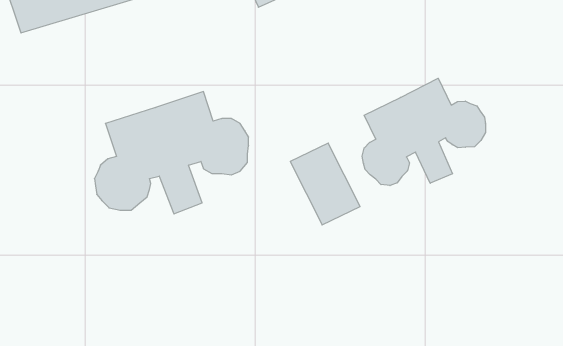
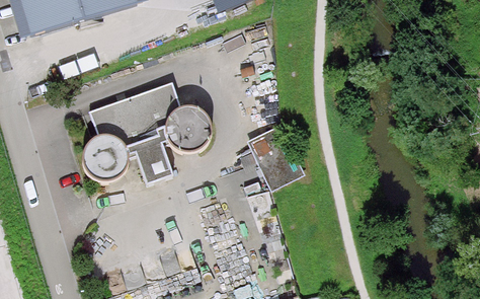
building: [362,78,486,186] -> none

